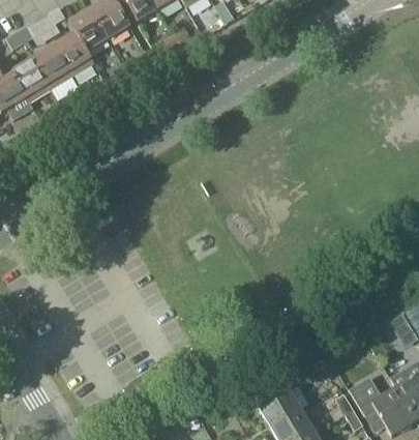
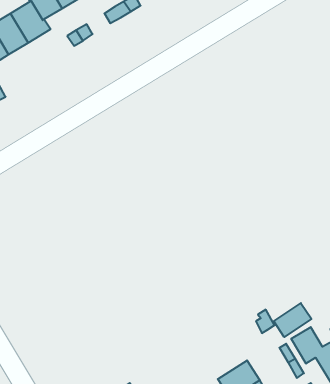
building: none -> [274,303,311,337]
building: [258,389,302,432] -> none

